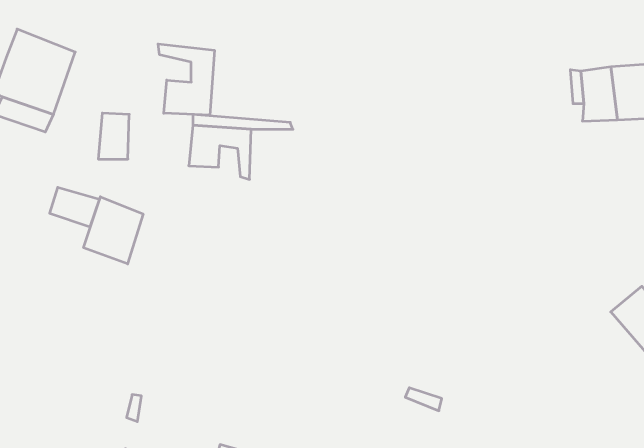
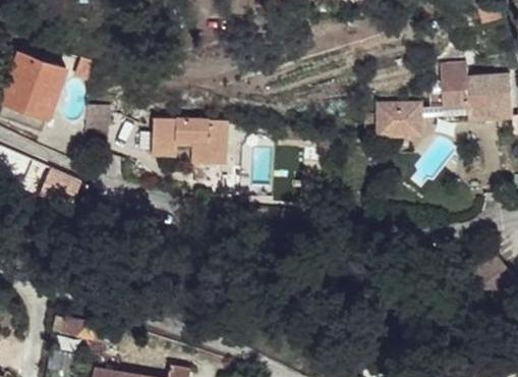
building: [158,44,214,115] -> none
building: none -> [379,96,422,130]
building: none -> [193,127,226,166]
building: [84,197,143,264] -> none

